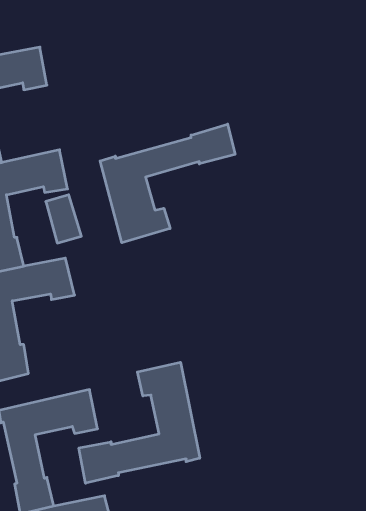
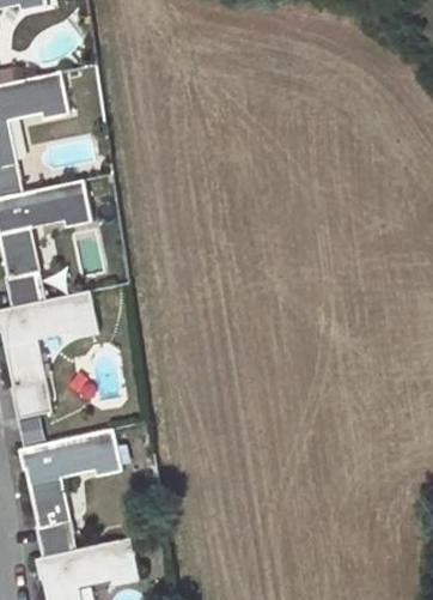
building: [100,124,235,243] -> none
building: [79,362,200,483] -> none

